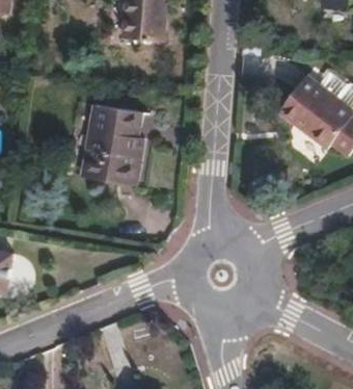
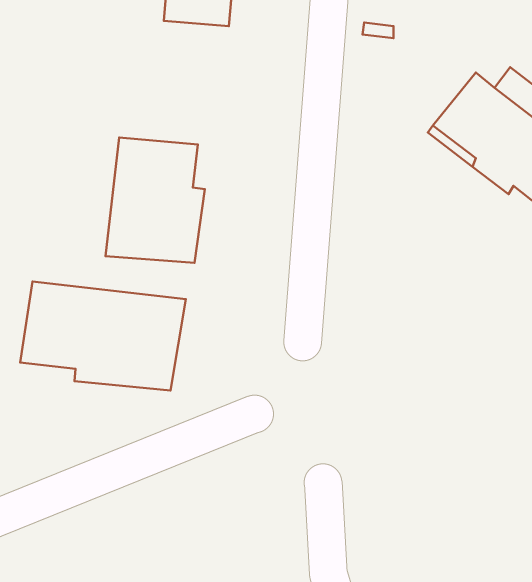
building: none -> [20,281,186,391]

